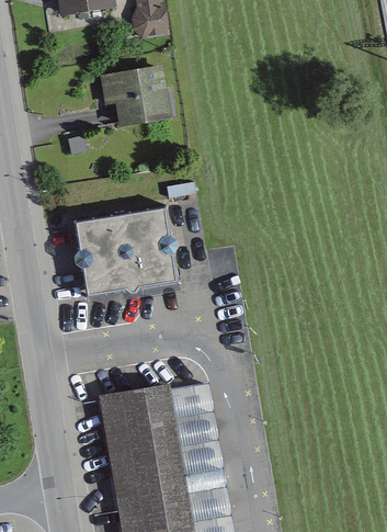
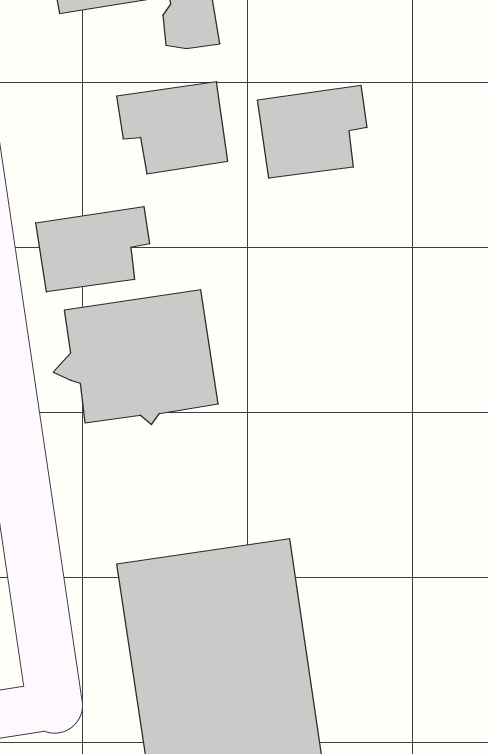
building: none -> [258,85,367,178]
building: none -> [36,206,149,292]

